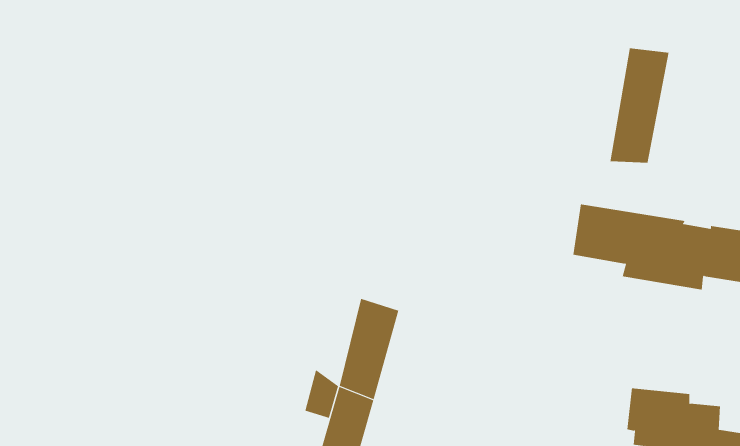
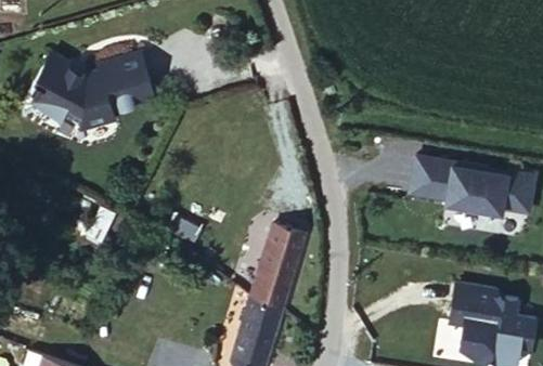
building: none -> [36,50,160,125]
building: [610,48,669,163] -> none

